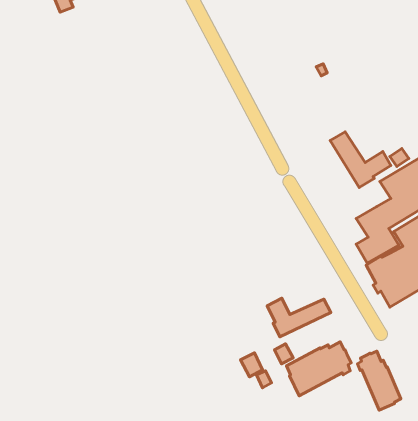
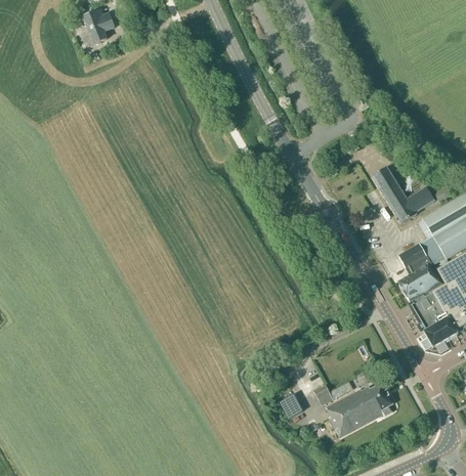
building: [267,298,331,337] -> none
building: [358,351,401,410] -> none

